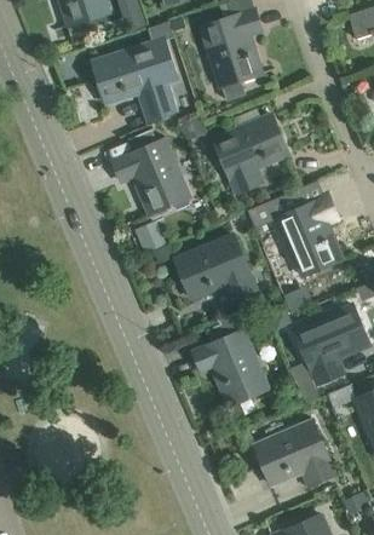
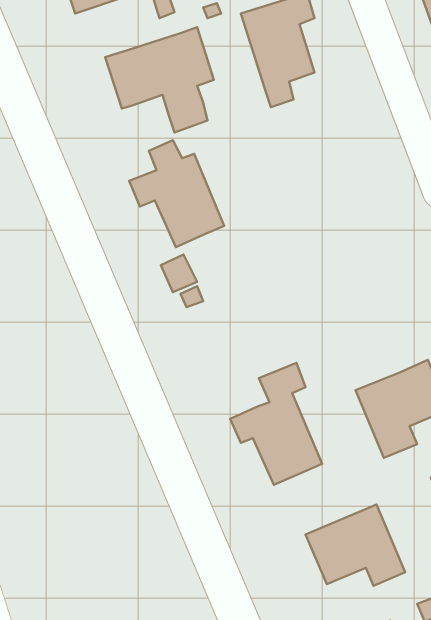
building: [214,115,288,194] -> none
building: [247,190,343,276] -> none
building: [176,235,257,300] -> none

